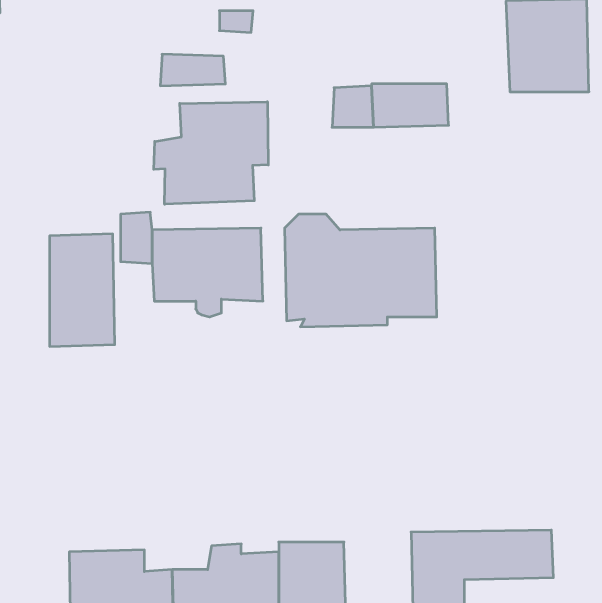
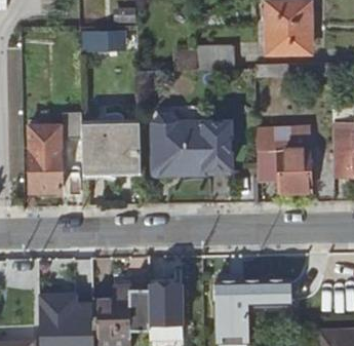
building: [154,102,268,204] -> none
building: none -> [257,129,312,193]

